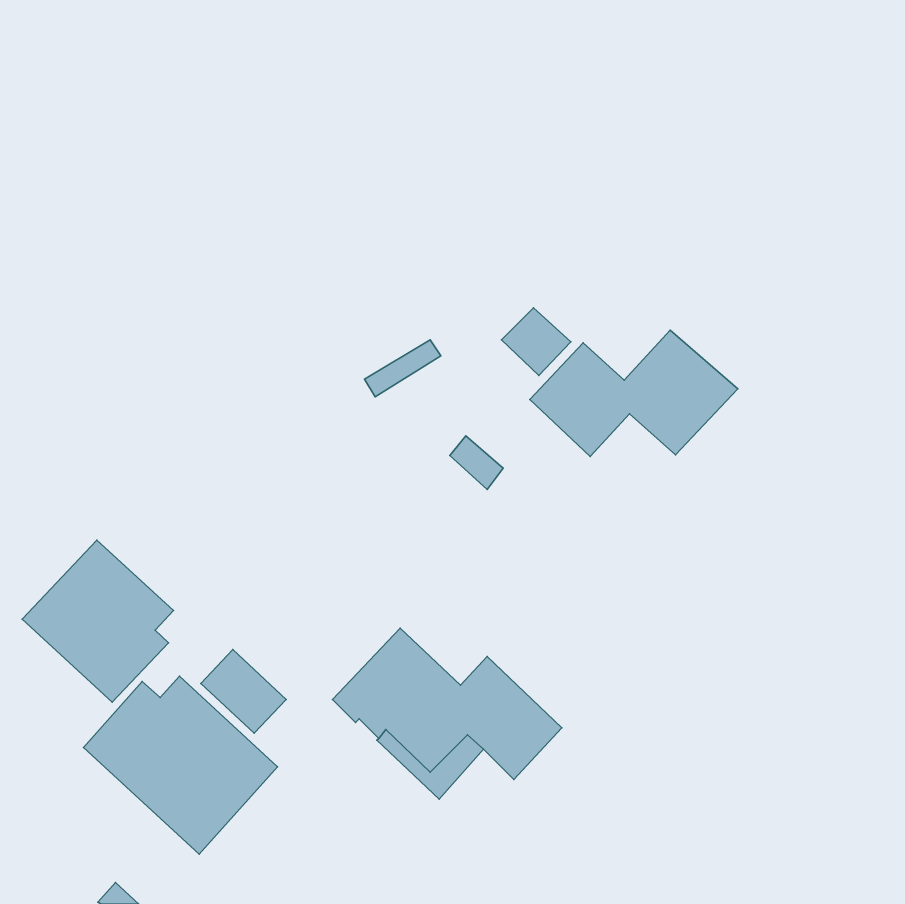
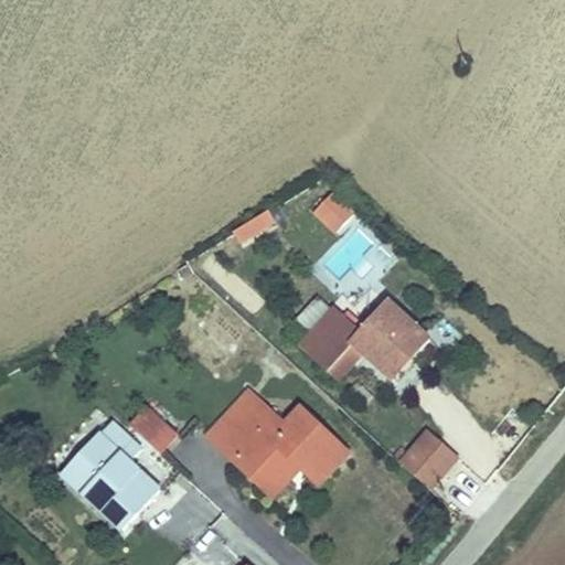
building: [530,330,738,457] -> [301,300,430,379]
building: [22,540,173,702] -> none
building: none -> [394,427,458,490]

